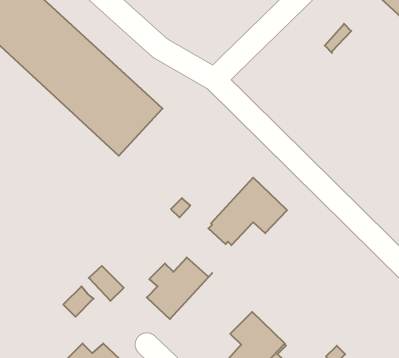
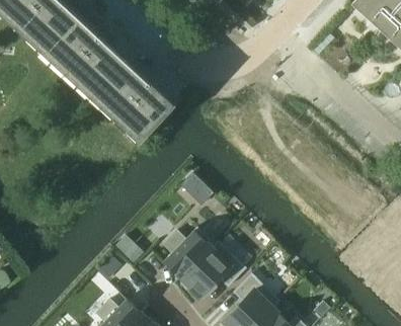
building: [208,178,287,245] -> [180,241,246,298]

